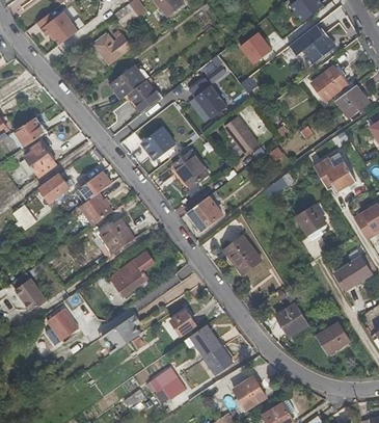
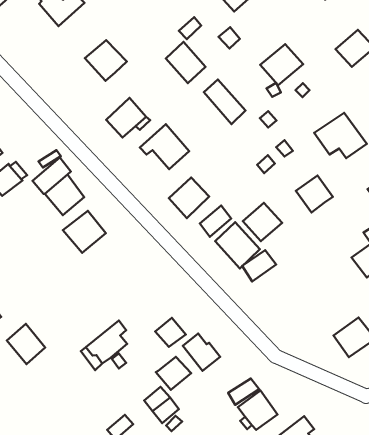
building: [111,63,147,97] -> none
building: [310,64,346,98] -> [260,44,303,85]
building: none -> [243,203,282,241]
building: [109,253,154,296] -> none
building: [276,302,308,336] -> none
building: [204,346,233,373] -> [156,357,191,390]

